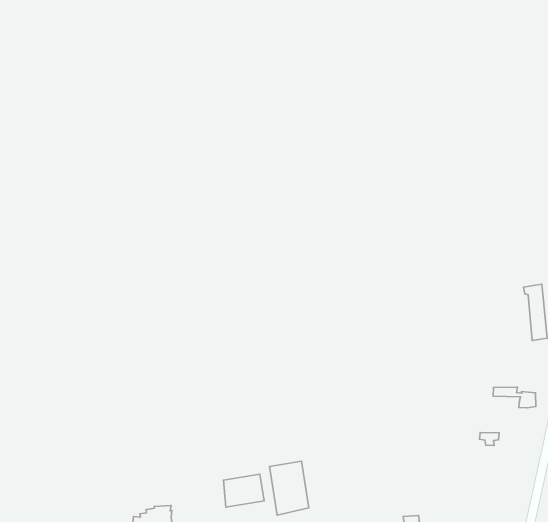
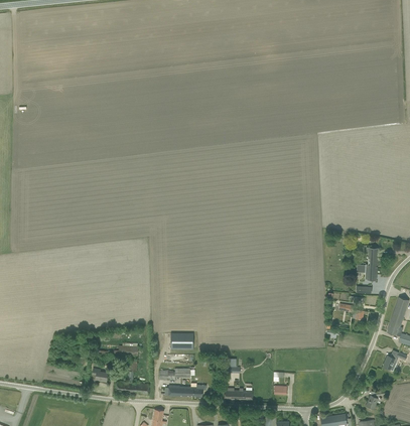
building: [270,461,309,515] -> none

